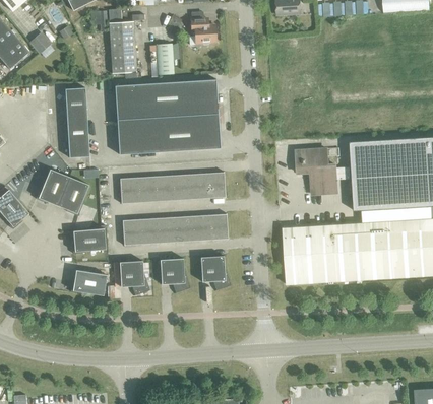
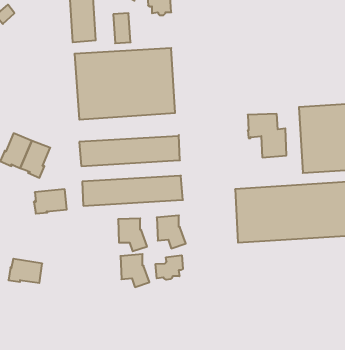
building: [64,87,88,157] -> none
building: [119,260,149,294] -> [120,254,149,287]
building: [70,269,106,294] -> [8,259,42,283]
building: none -> [156,255,183,280]

